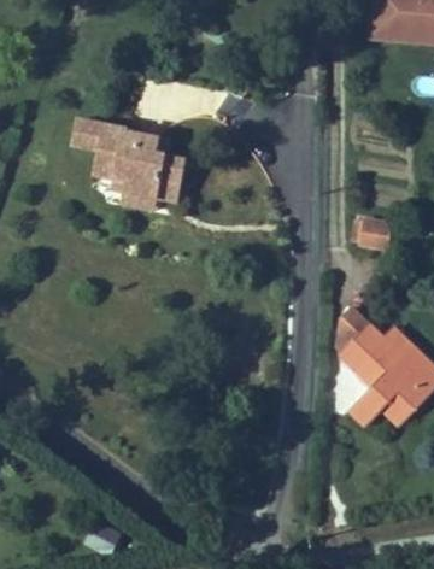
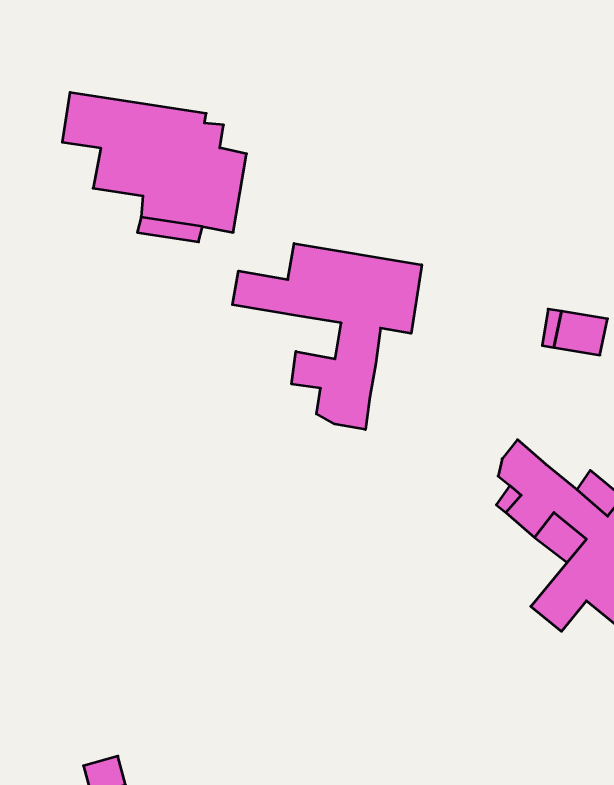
building: none -> [232,243,422,430]

